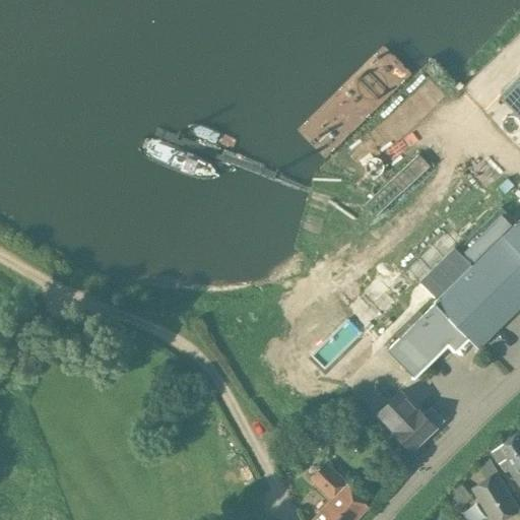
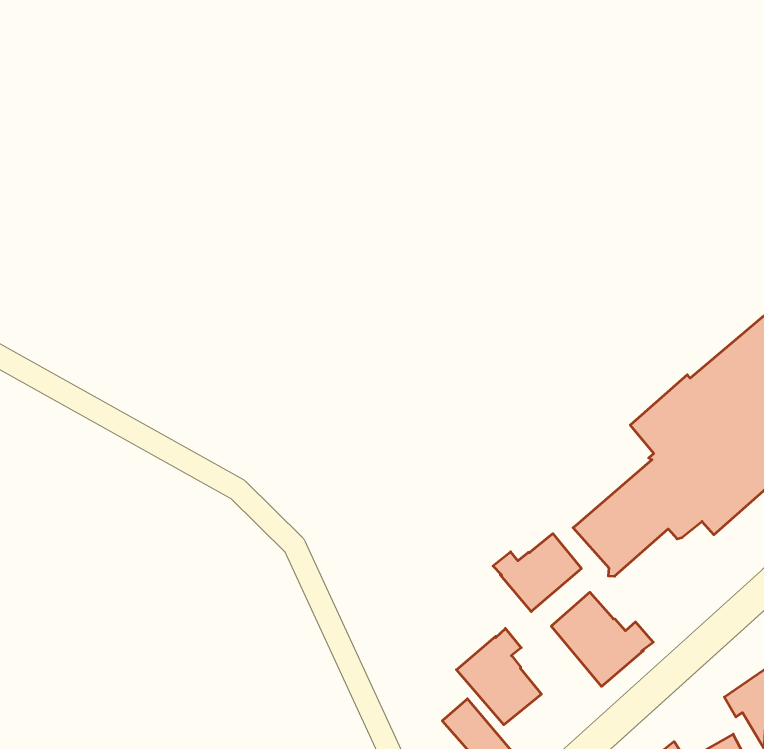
building: none -> [493,534,581,612]
building: none -> [456,628,541,725]

